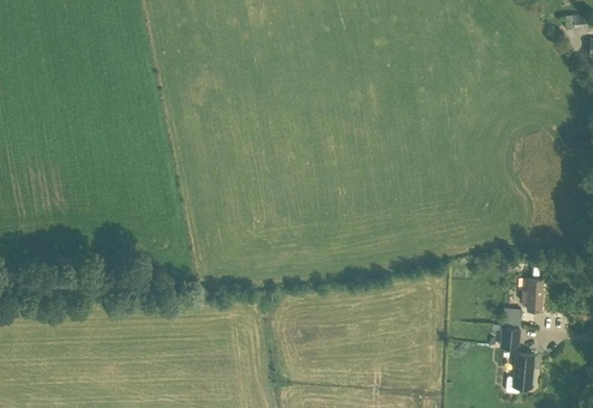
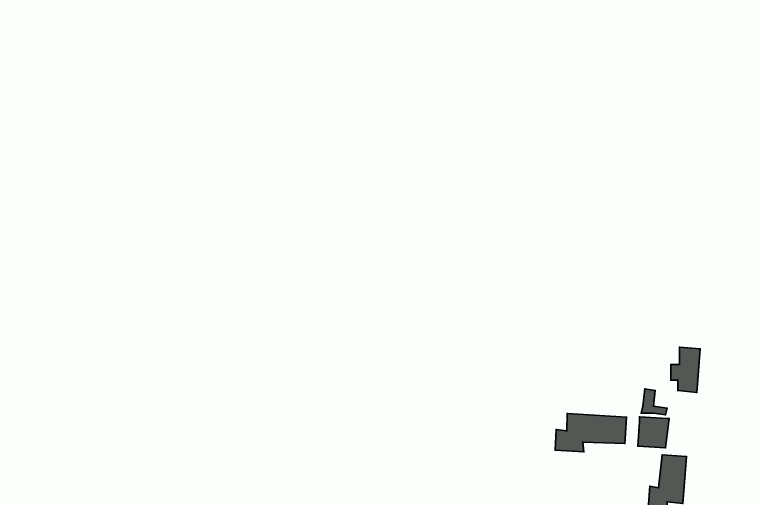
building: none -> [555,414,627,452]

